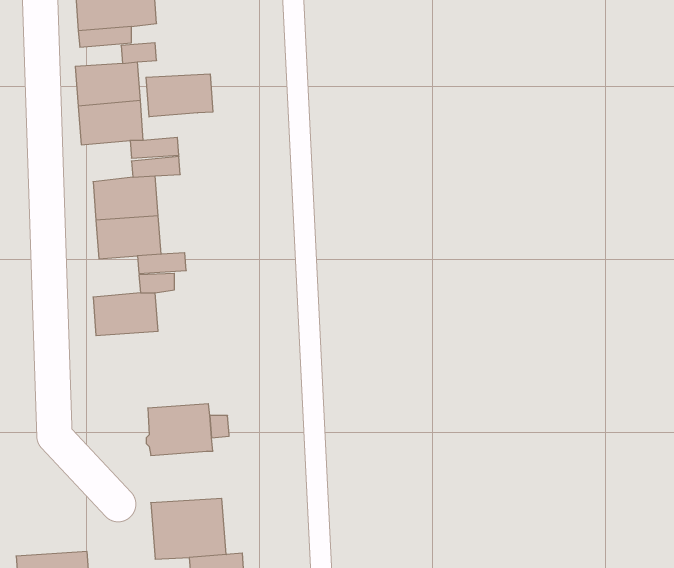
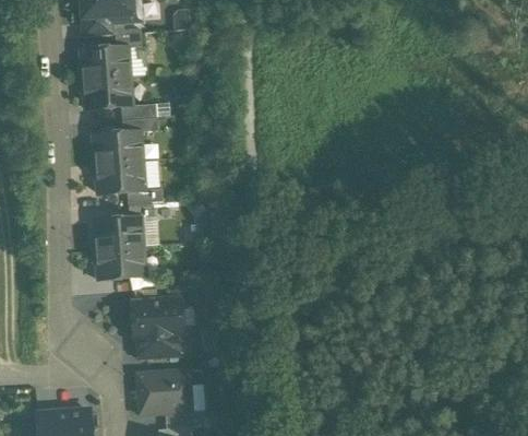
building: [146,74,213,117] -> none
building: none -> [96,246,144,278]
building: none -> [139,334,179,360]

